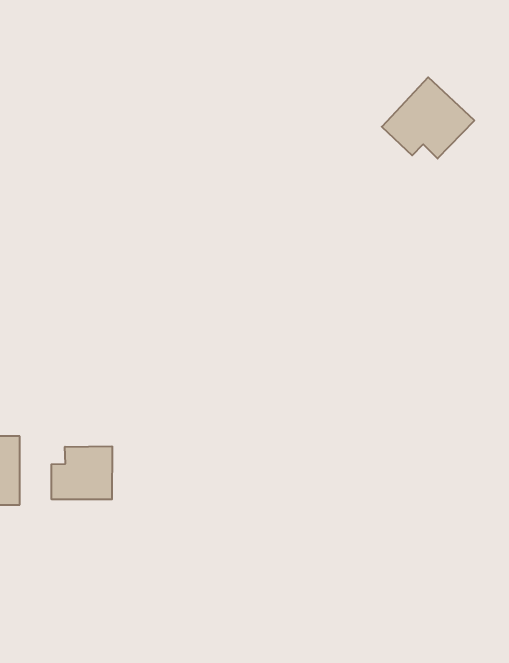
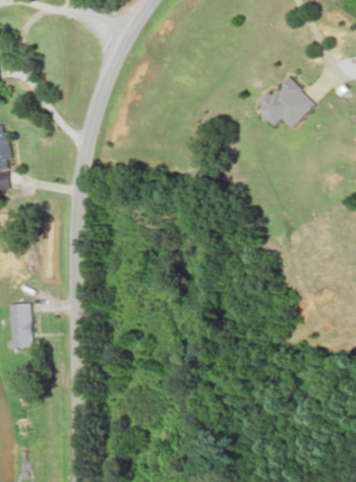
building: [51,446,112,499] -> none

